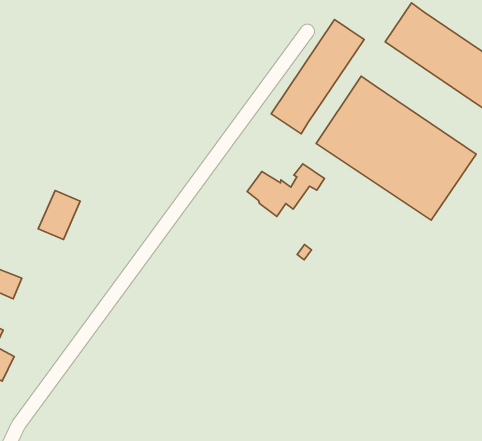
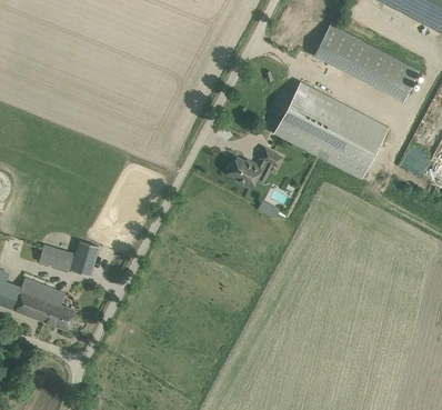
building: [271,19,364,134] -> none
building: [38,191,80,239] -> [70,240,98,274]

